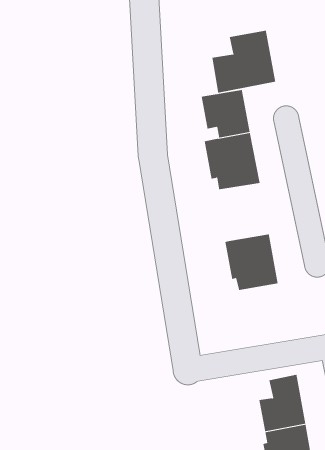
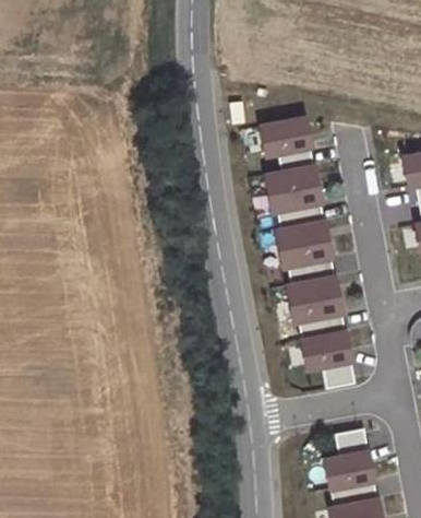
building: [212,30,276,94] -> none
building: none -> [274,217,335,281]
building: none -> [300,328,356,389]

